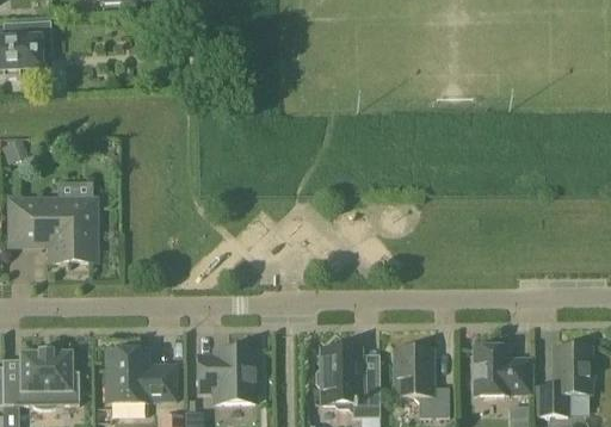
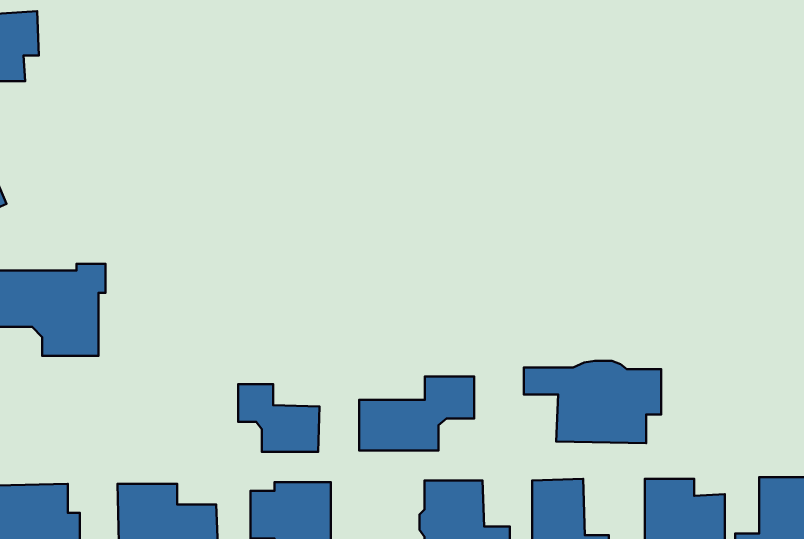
building: none -> [524,361,661,443]
building: none -> [359,376,474,451]
building: none -> [238,384,319,452]

